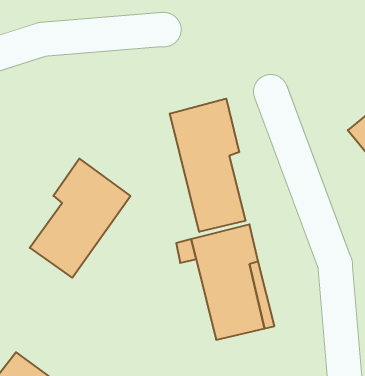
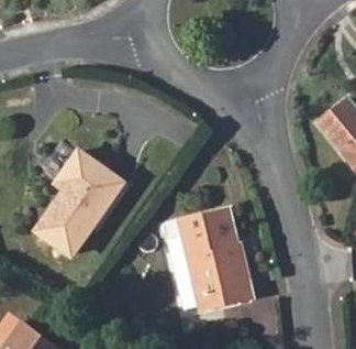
building: [170,99,246,232] -> none

